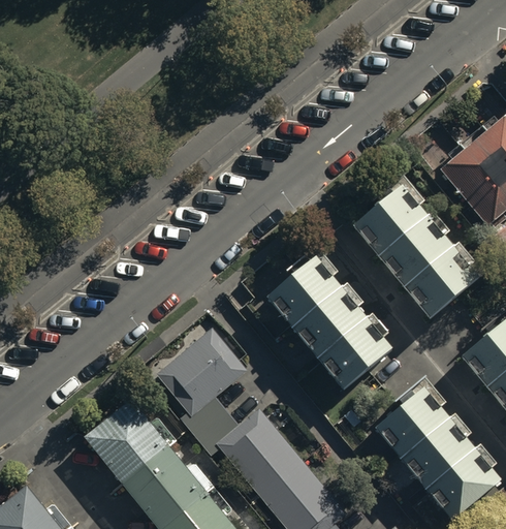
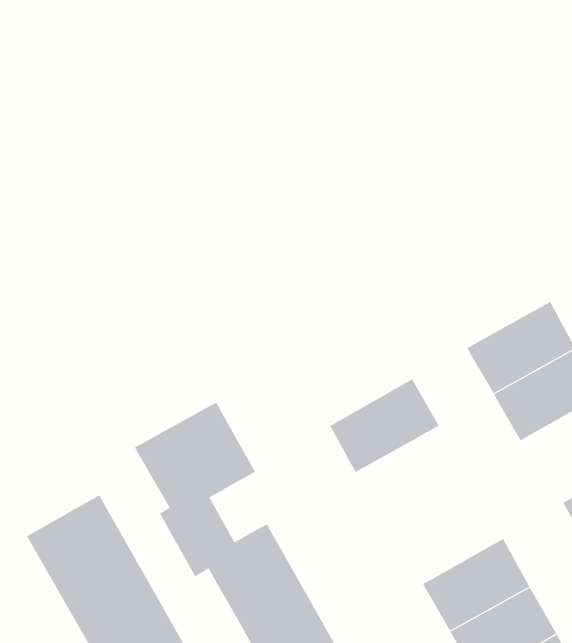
building: [352,185,430,258] -> none
building: [264,257,342,330] -> none
building: [313,316,390,390] -> none

